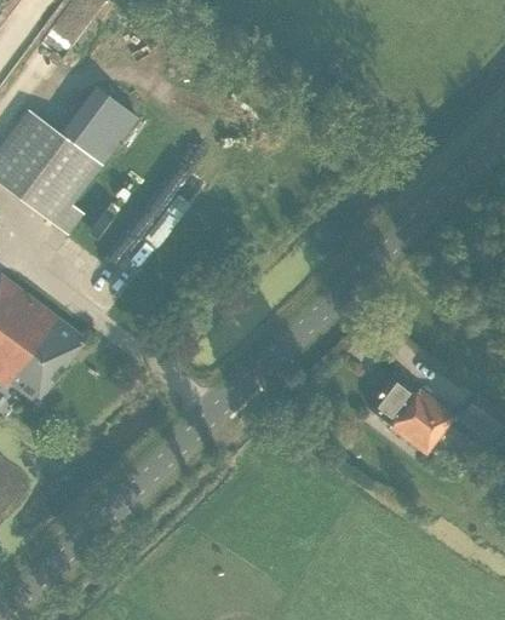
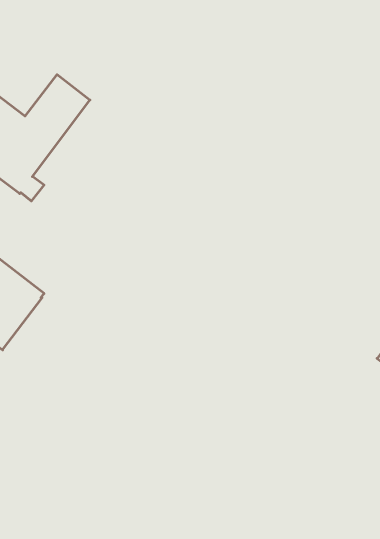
building: [366,372,453,453] -> none

